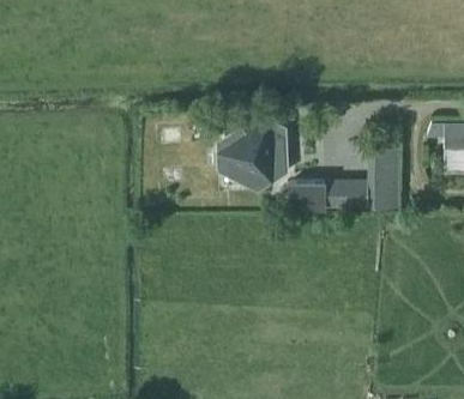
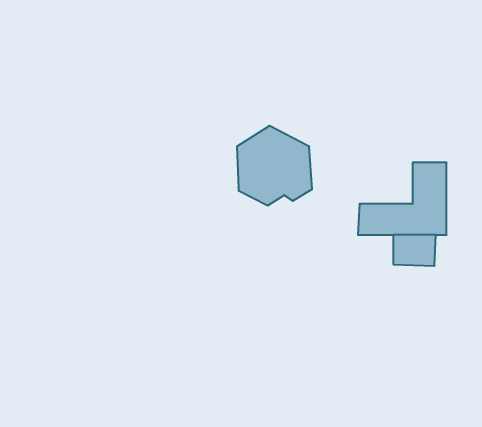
building: [289,183,324,208] -> [393,235,436,266]

